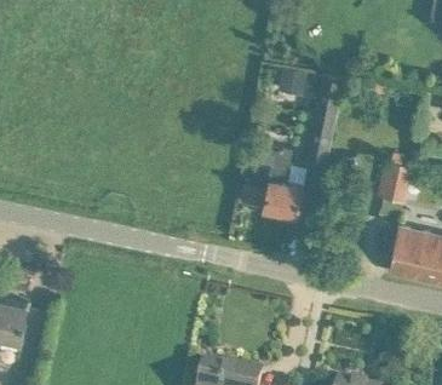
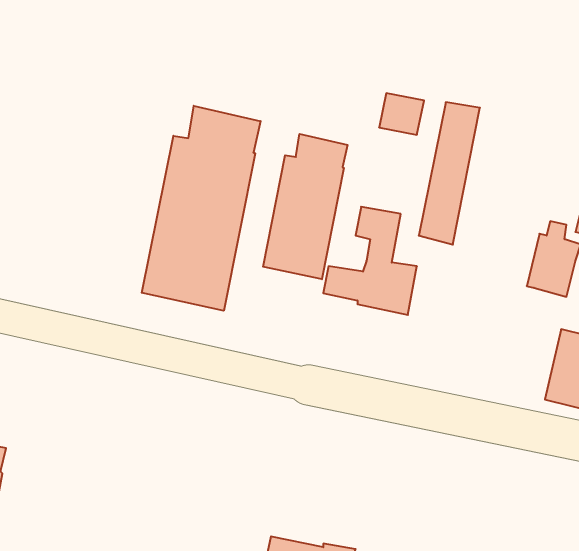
building: none -> [142,106,261,311]
building: none -> [263,134,348,279]

